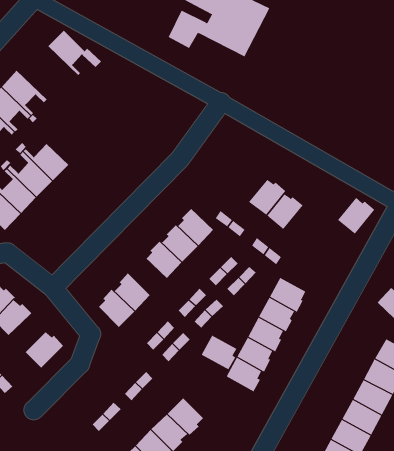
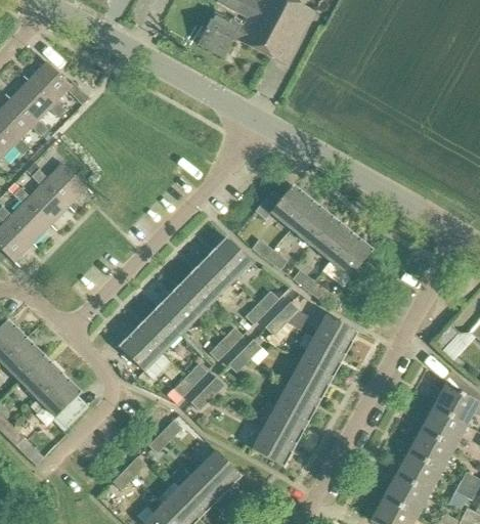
building: [47,30,102,76] -> [28,61,89,114]
building: none -> [255,186,313,229]
building: [337,195,375,234] -> [330,233,373,277]
building: none -> [154,292,198,335]
building: none -> [18,357,62,399]
building: [201,335,240,370] -> [252,427,296,467]

